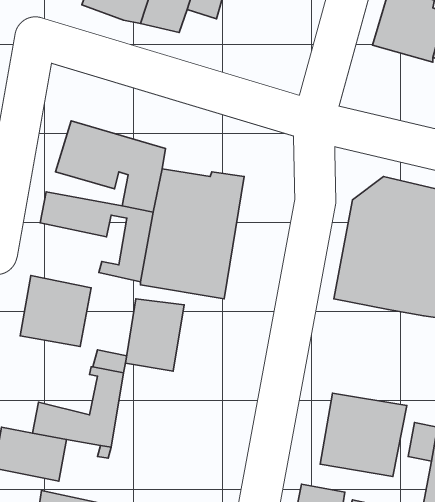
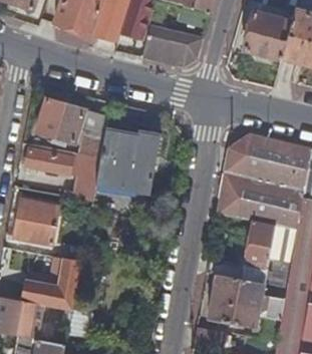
building: none -> [141,35,200,66]
building: [126,299,184,371] -> none
building: none -> [207,221,275,283]

